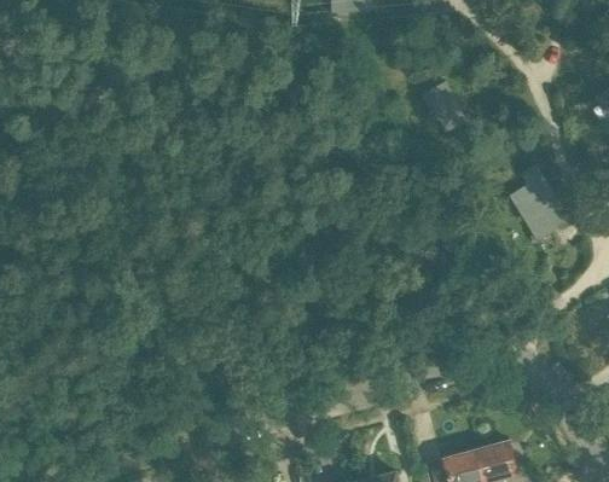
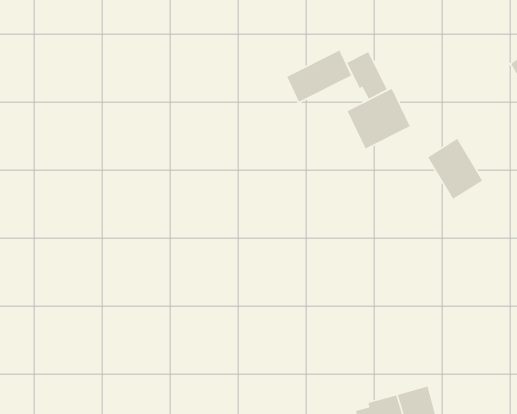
building: none -> [286,50,352,103]
building: none -> [346,88,411,150]

